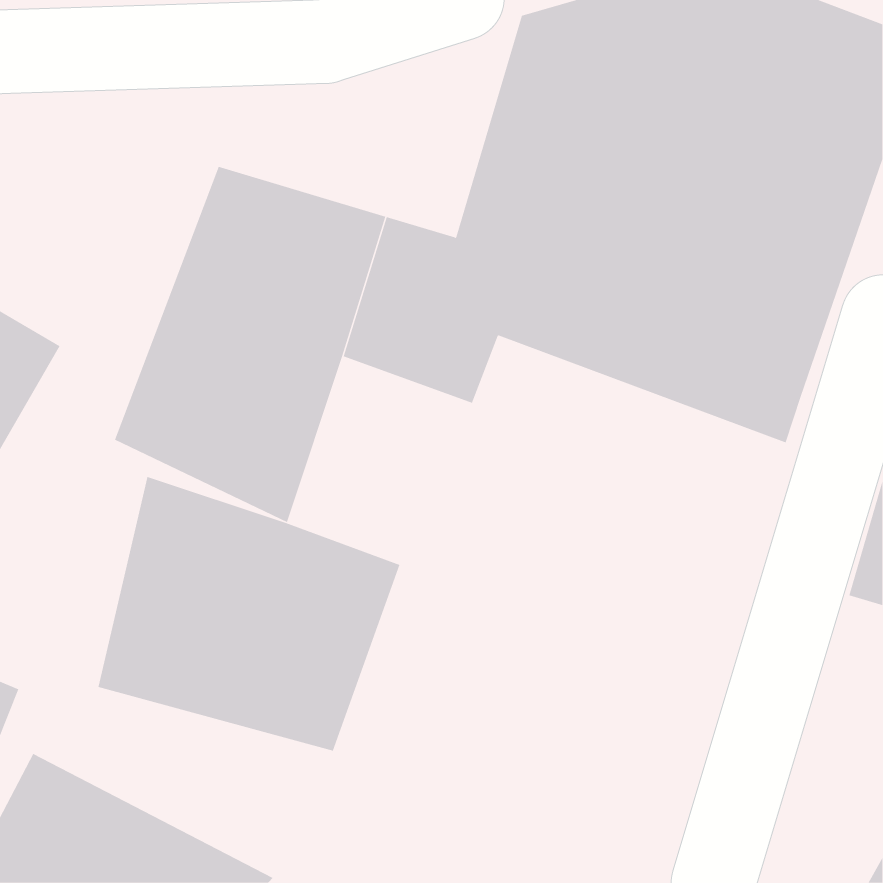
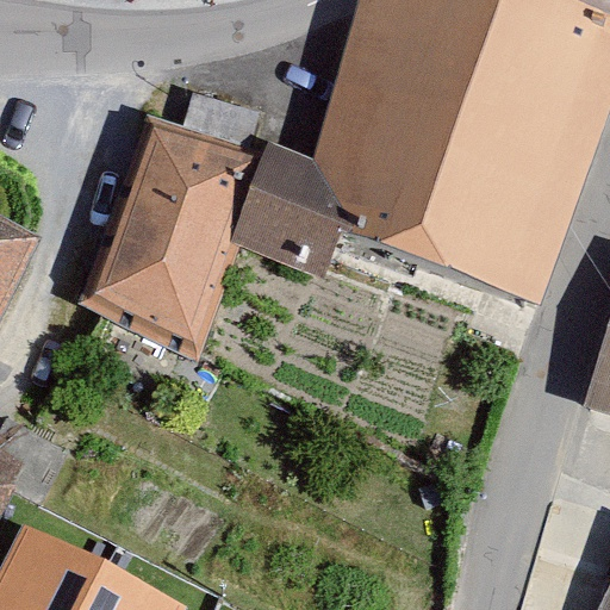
building: [98,476,400,752] -> none

